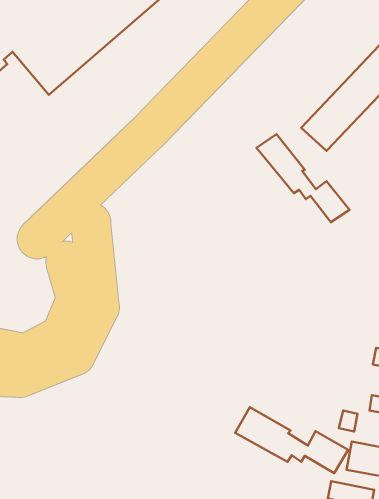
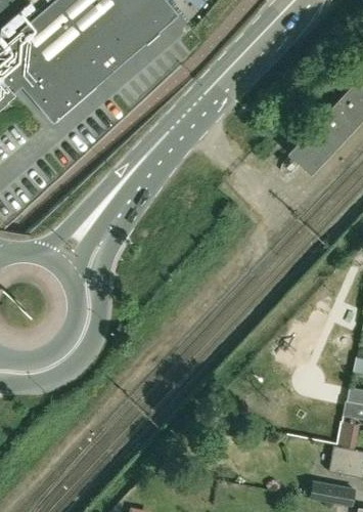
building: [257,134,349,222] -> none
building: [235,407,348,473] -> none

